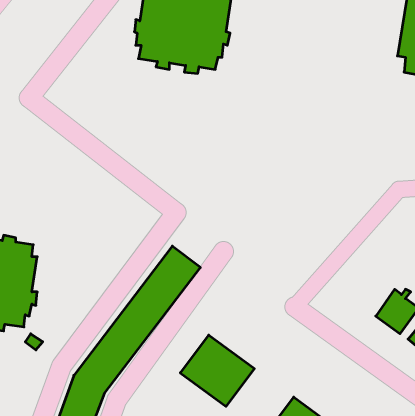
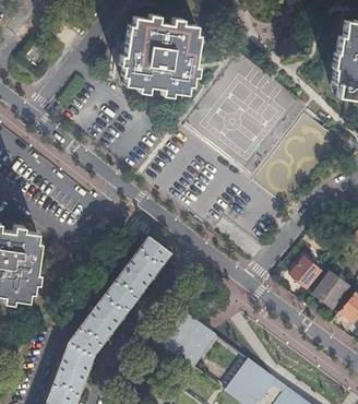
building: none -> [291,257,322,287]

